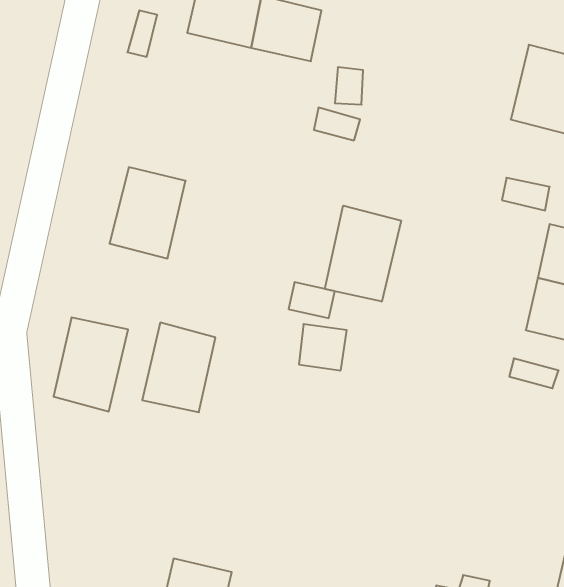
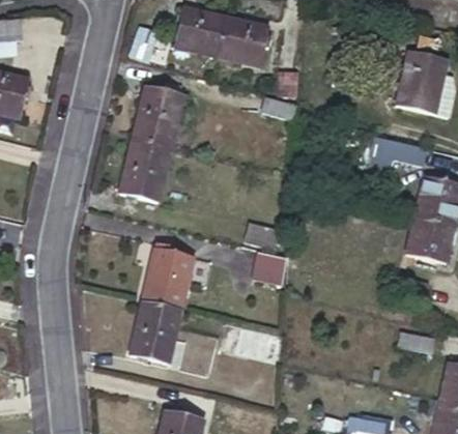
building: none -> [133,84,185,147]
building: [325,206,401,302] -> none
building: [54,317,128,412] -> [130,299,181,365]

